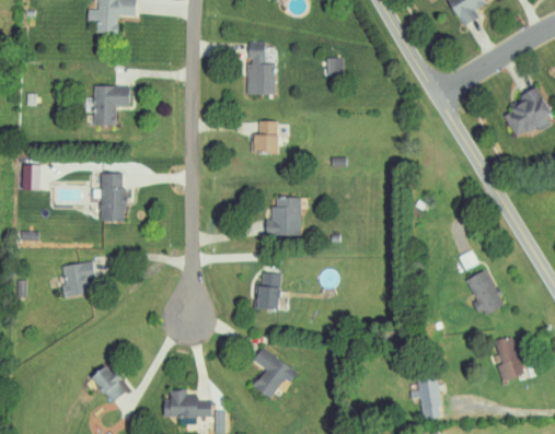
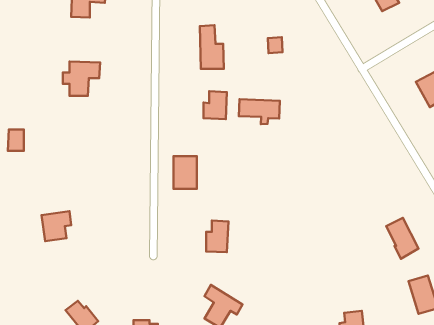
building: none -> [239,99,280,124]
building: [101,173,125,221] -> none
building: [274,198,301,236] -> [174,156,197,189]

